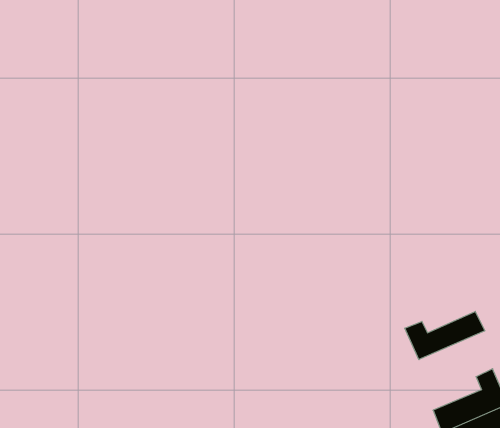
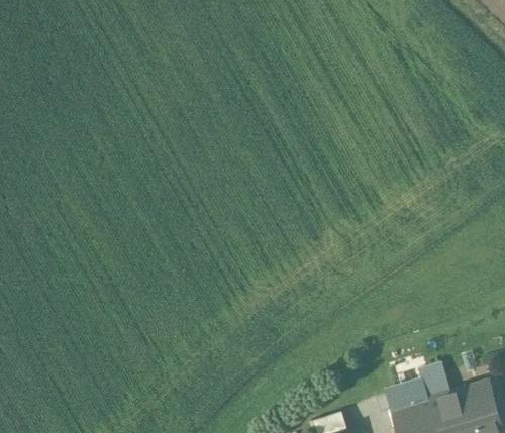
building: [405,311,485,360] -> none

